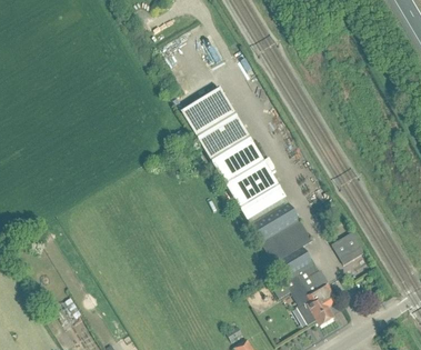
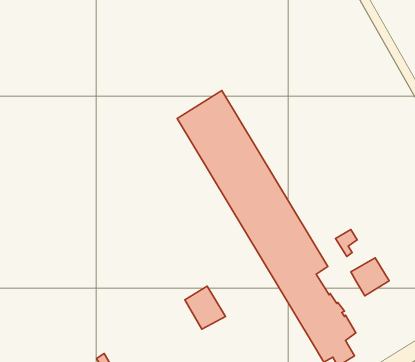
building: none -> [185,286,226,329]

